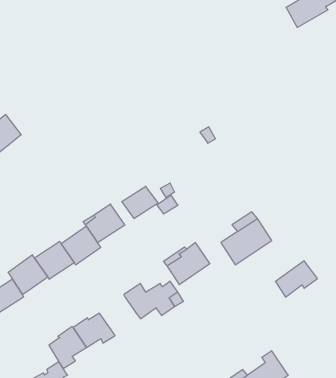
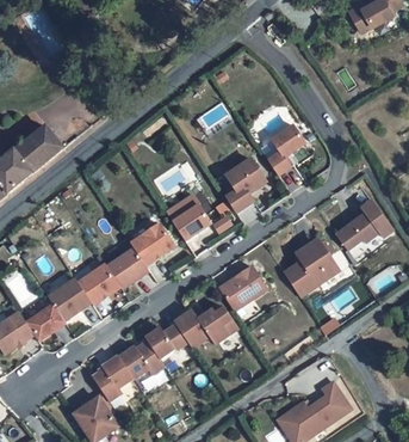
building: none -> [267,123,305,173]
building: none -> [225,158,266,211]
building: [275,261,317,297] -> [334,211,379,251]
building: none -> [145,323,187,357]

